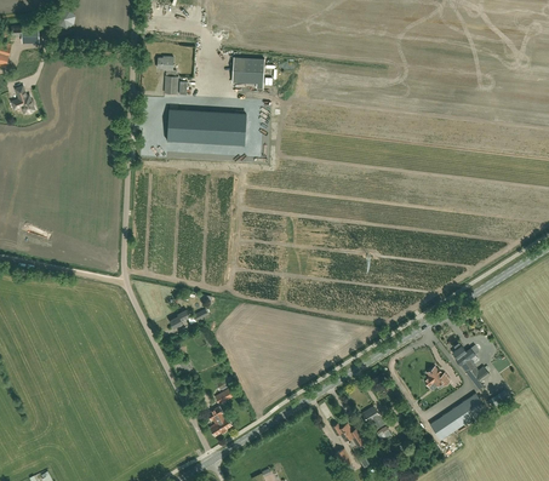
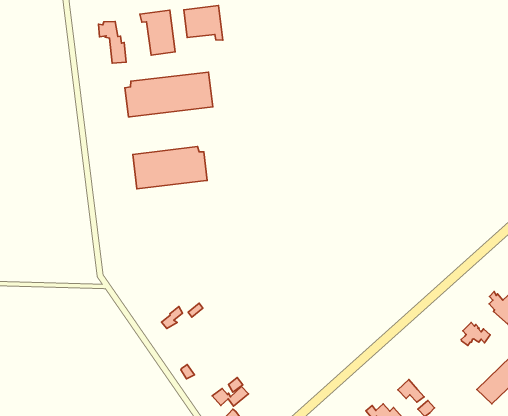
building: none -> [140,10,175,55]
building: none -> [133,147,207,189]

